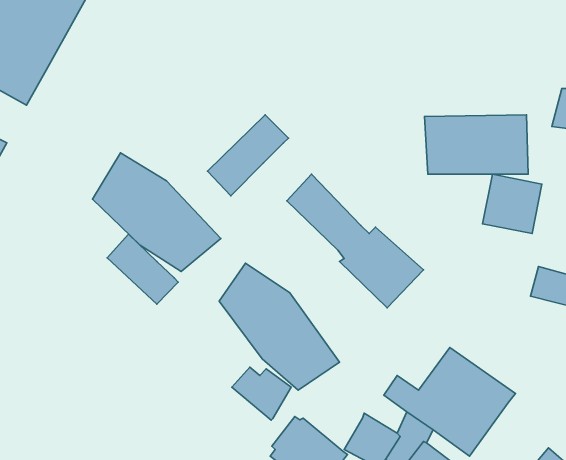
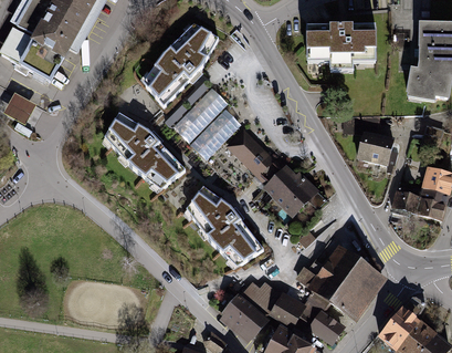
building: none -> [144,22,219,104]
building: [424,115,528,174] -> [307,21,377,61]
building: none -> [190,106,242,158]
building: [107,234,178,304] -> none
building: [232,367,291,420] -> [239,278,278,313]

